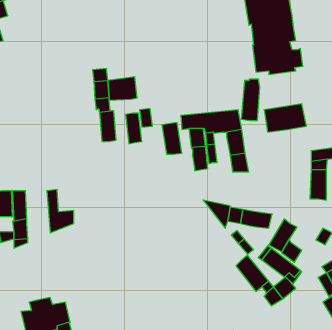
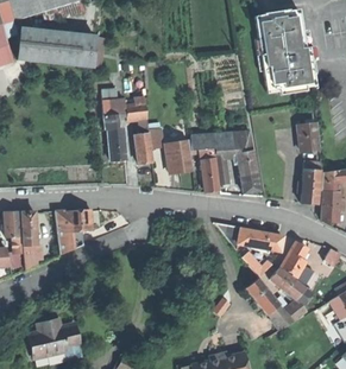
building: none -> [18,27,96,66]
building: [241,79,260,120] -> [302,161,321,203]
building: none -> [67,209,93,233]

